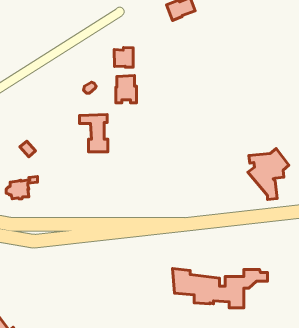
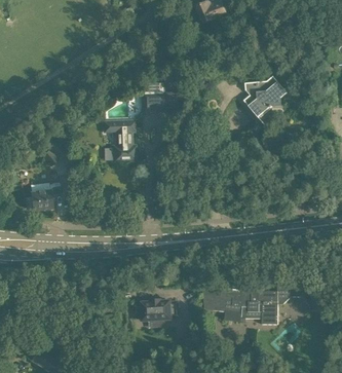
building: [114,48,133,67] -> none
building: [248,149,289,200] -> [242,75,286,128]
building: none -> [131,301,179,324]

